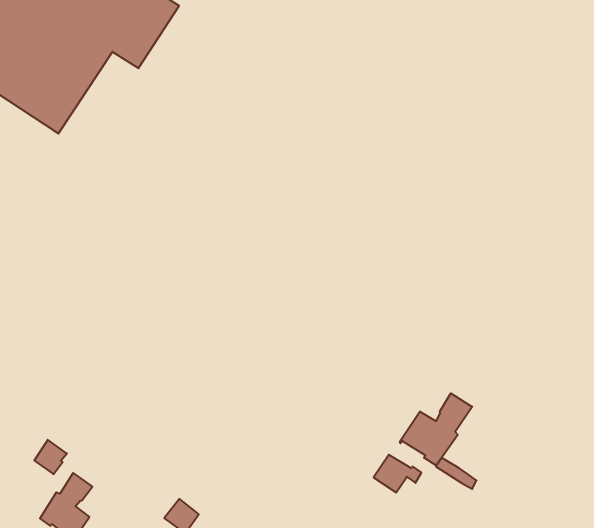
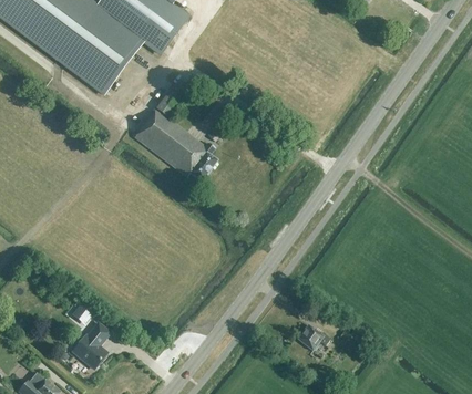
building: none -> [134,82,217,180]
building: [400,393,472,465] -> none

